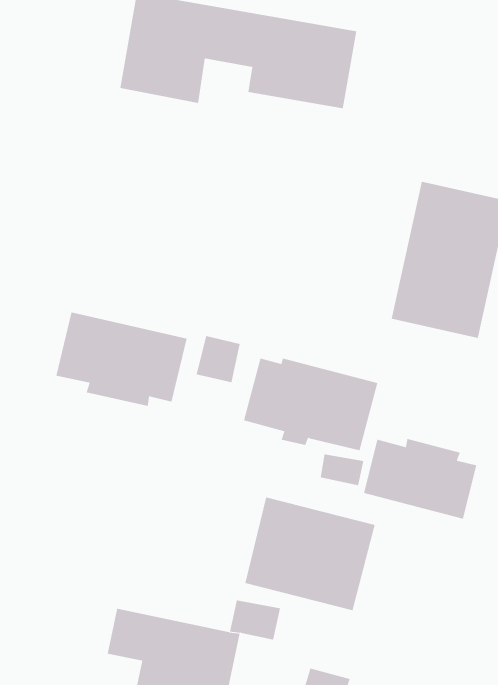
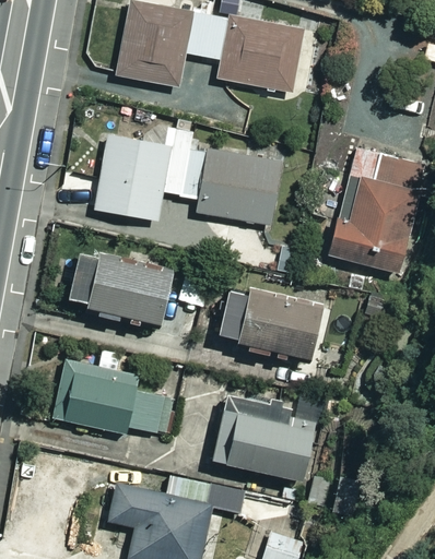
building: none -> [95,128,282,225]
building: none -> [55,346,171,433]
building: [364,438,477,520] -> none

